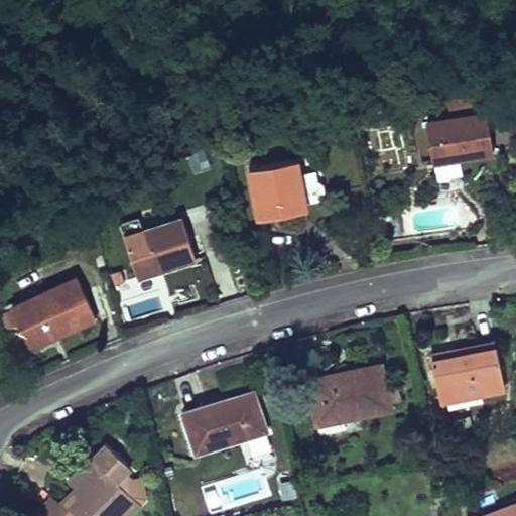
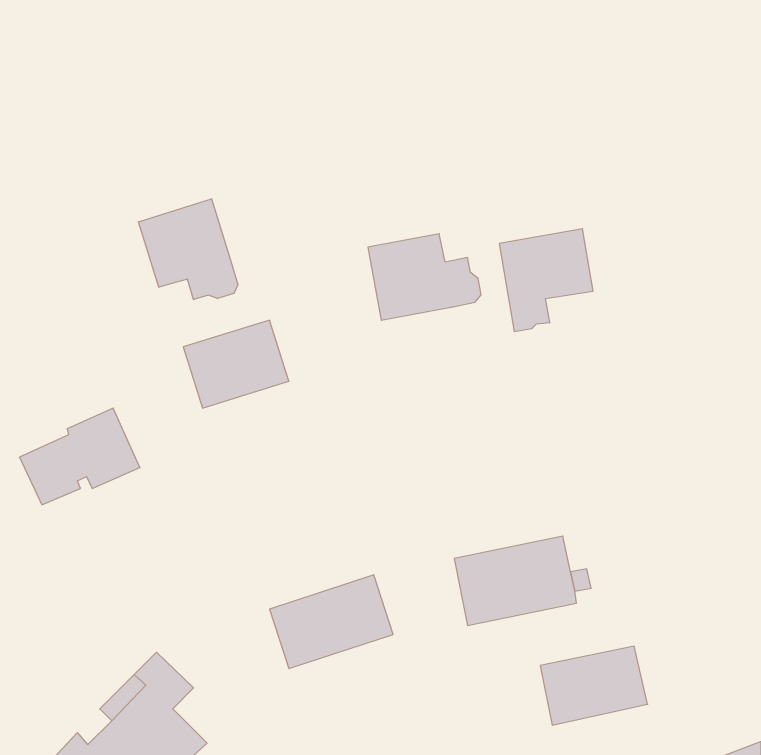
building: [427,114,491,183] -> [499,229,593,331]
building: none -> [138,199,238,300]
building: [432,351,505,404] -> [540,646,648,725]

